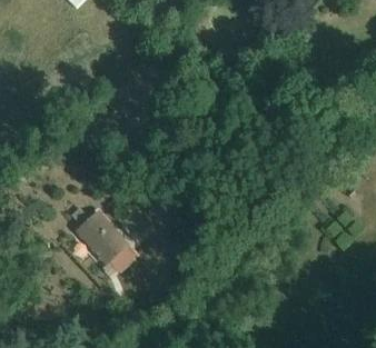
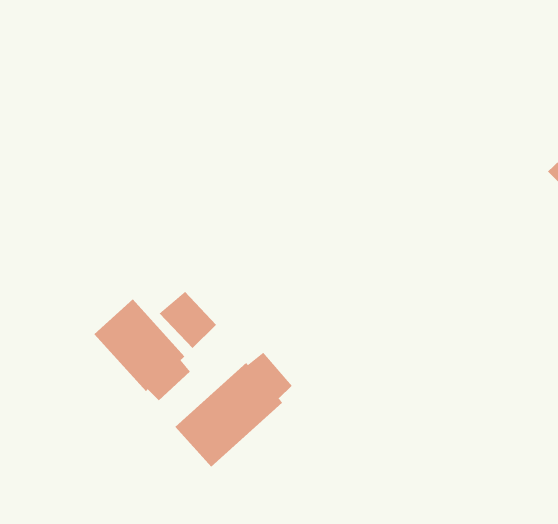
building: none -> [175,352,292,468]

